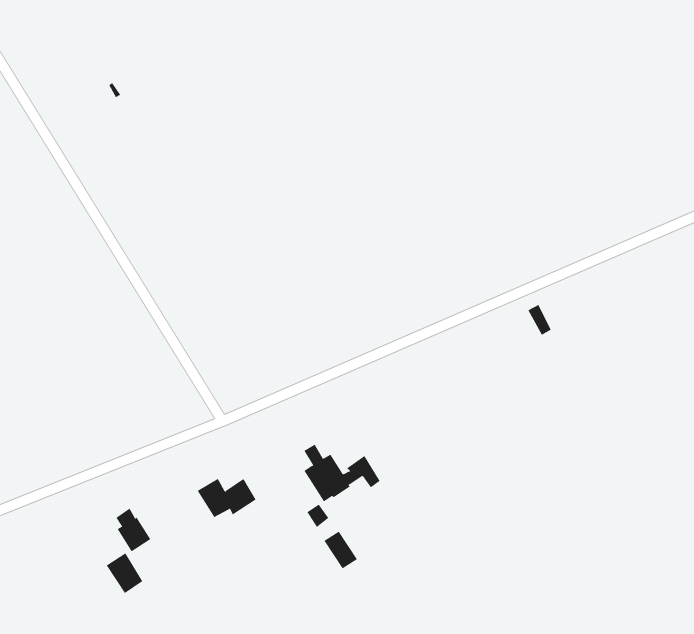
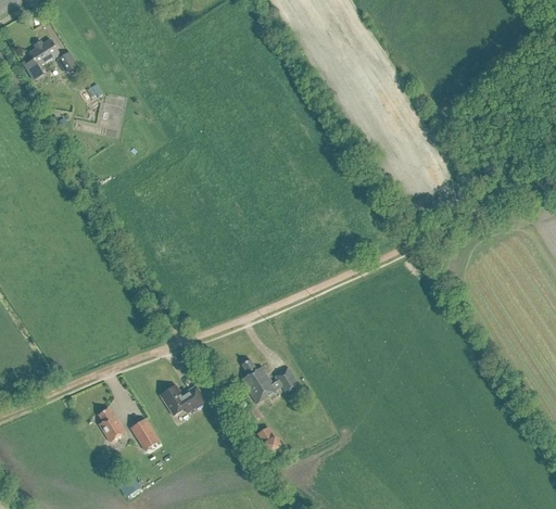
building: none -> [25,37,77,76]
building: [106,553,143,594] -> [129,418,157,449]

